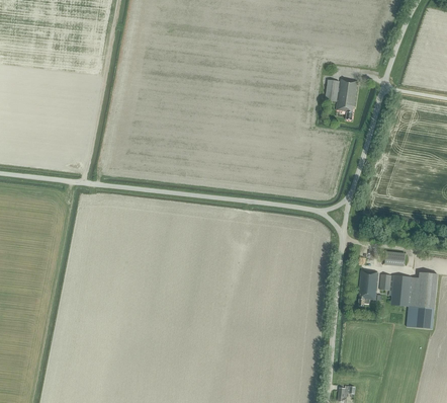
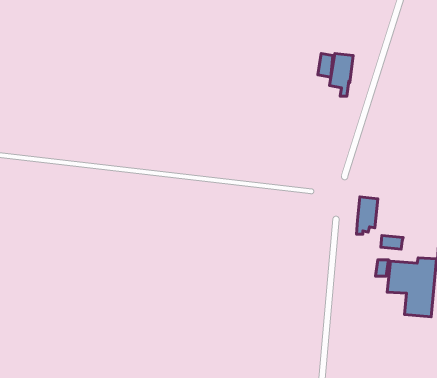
building: [358,270,378,306] -> [357,197,378,234]

